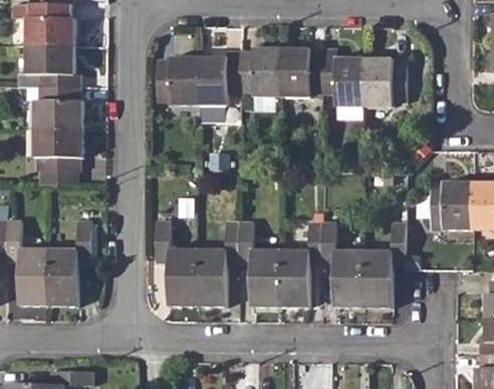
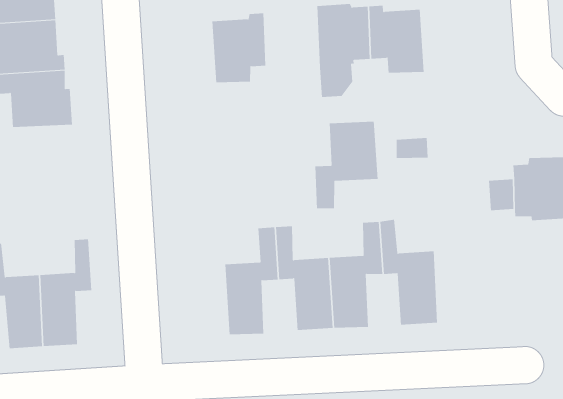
building: [240,47,283,98] -> none
building: [157,55,199,105] -> none
building: [365,56,407,107] -> none
building: [35,130,83,171] -> none
building: none -> [315,121,378,209]
building: [155,221,197,306] -> none
building: [363,223,406,308] -> none

